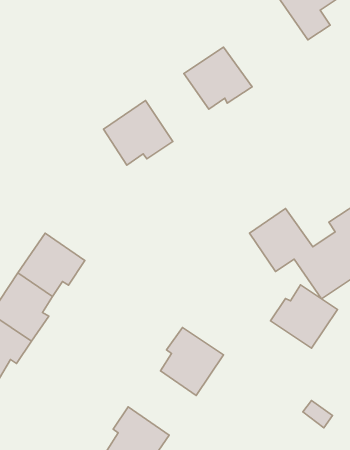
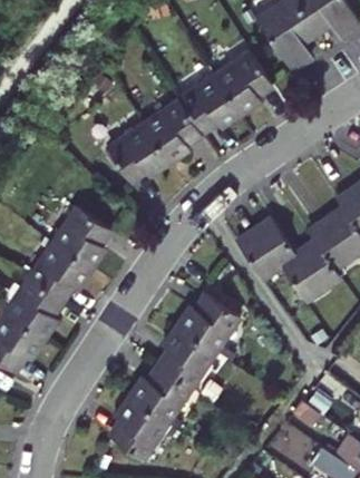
building: none -> [216,53,273,114]
building: none -> [146,101,203,163]
building: none -> [56,209,110,270]
building: [271,285,338,348] -> [179,297,240,354]
building: none -> [130,369,192,427]

